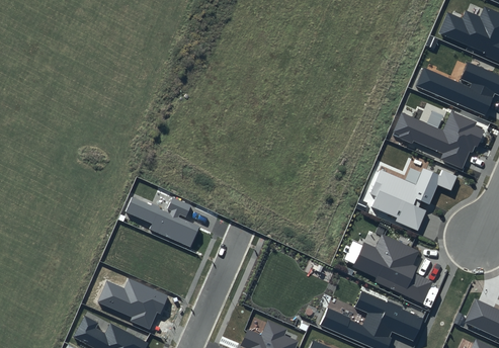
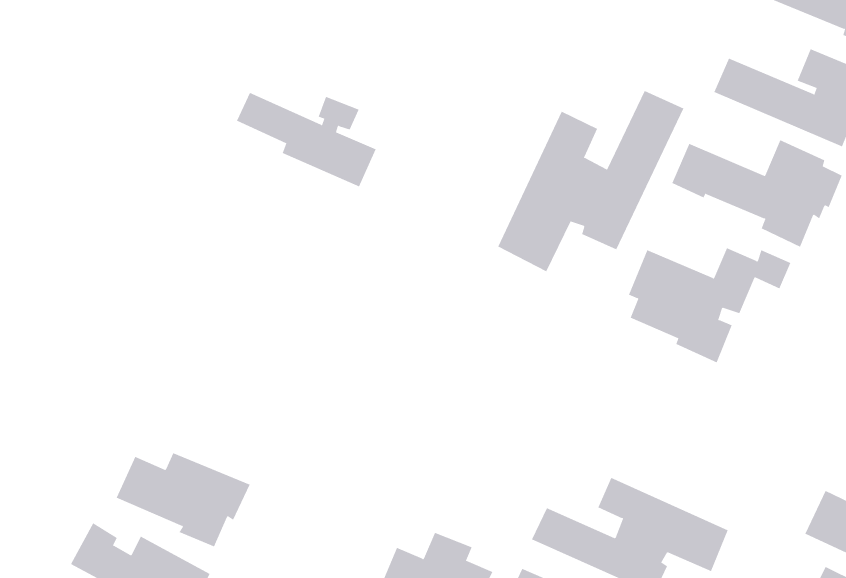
building: none -> [497,90,684,272]
building: [124,196,199,247] -> [236,92,377,187]
building: [345,234,434,304] -> none

